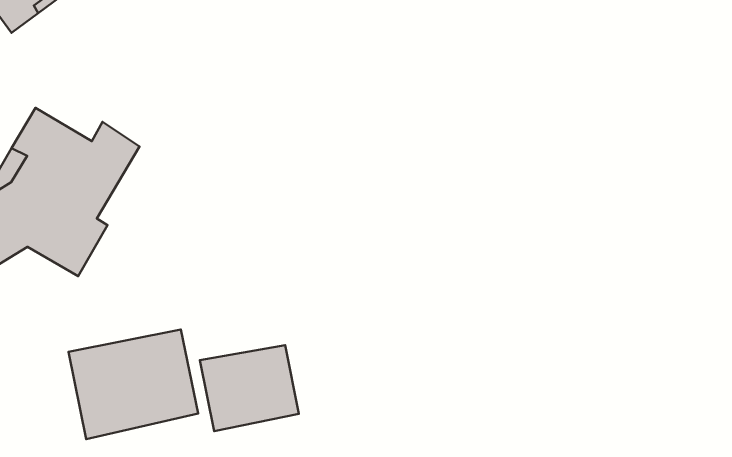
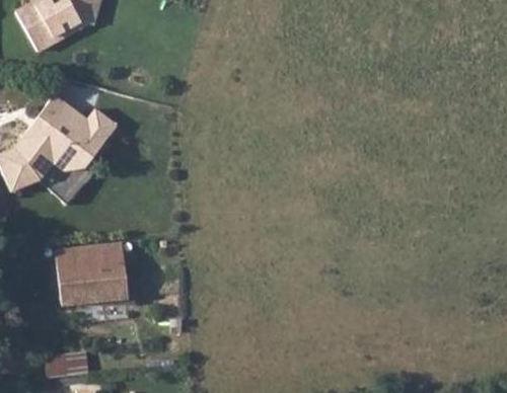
building: [200,345,299,431] -> none

